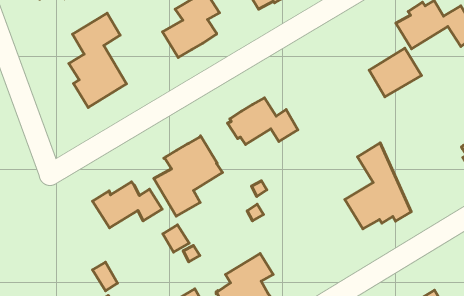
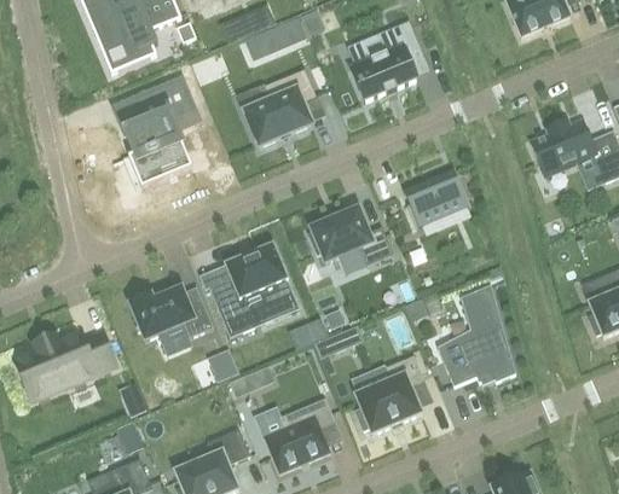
building: [369,48,422,97] -> [404,169,467,225]
building: none -> [354,355,424,434]
building: none -> [15,333,115,399]

